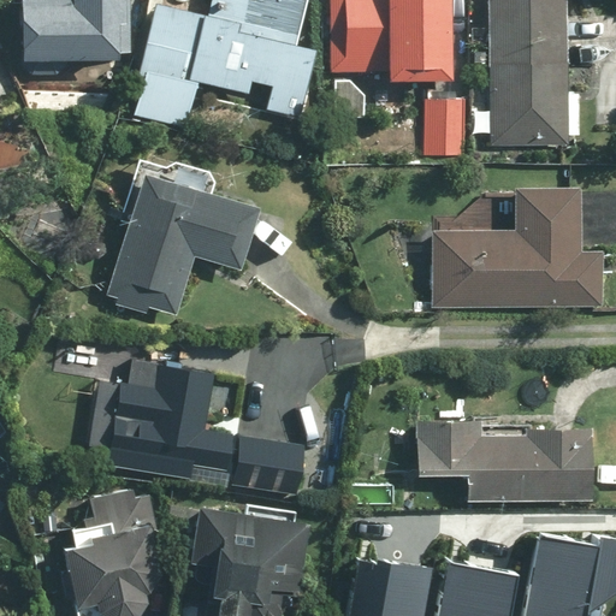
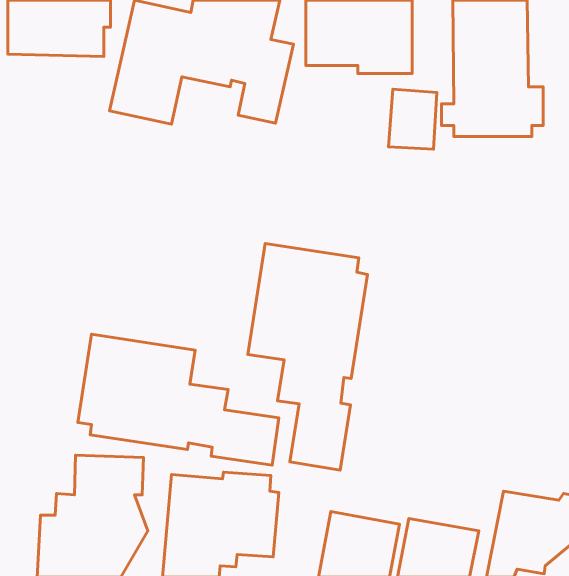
building: [108,155,260,319] -> none
building: [436,188,605,306] -> none
building: none -> [248,243,367,470]
building: [416,416,593,503] -> none

